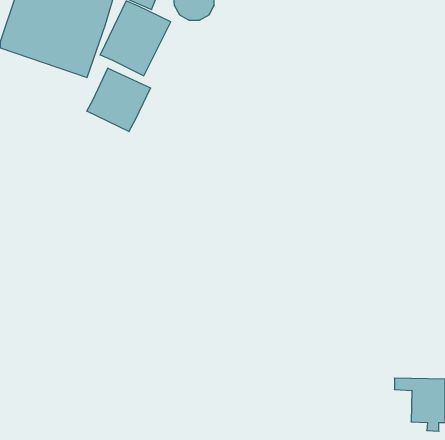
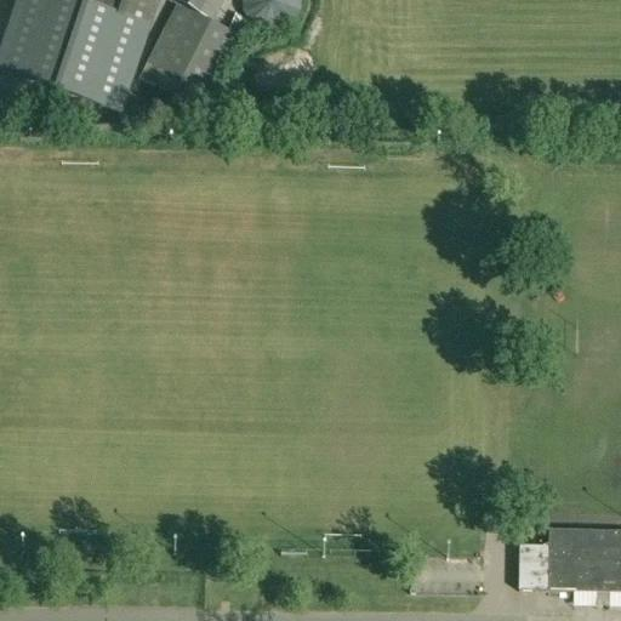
building: [87,68,151,132] -> none
building: none -> [519,542,574,587]

